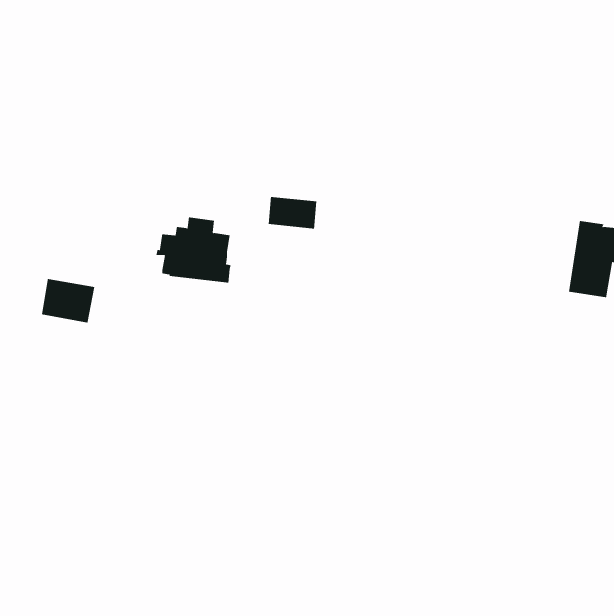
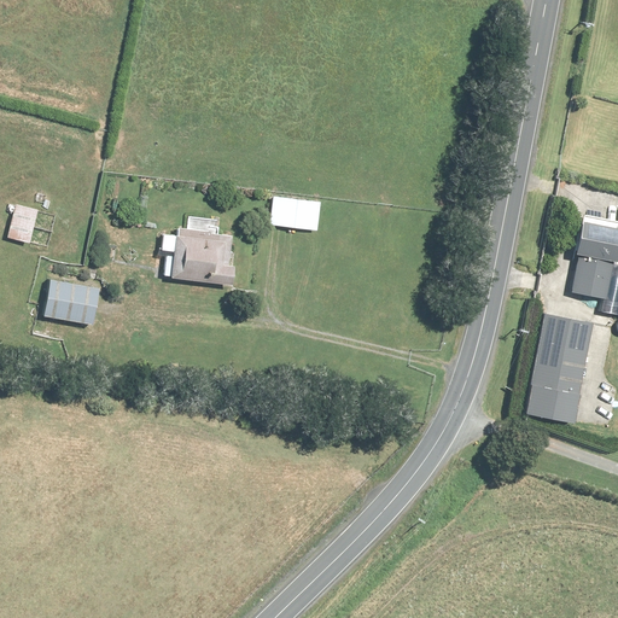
building: none -> [7,204,37,243]
building: none -> [527,315,595,421]

